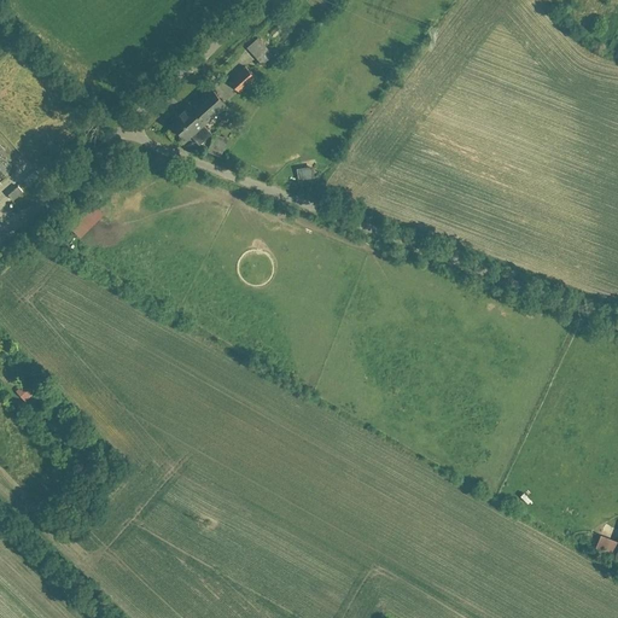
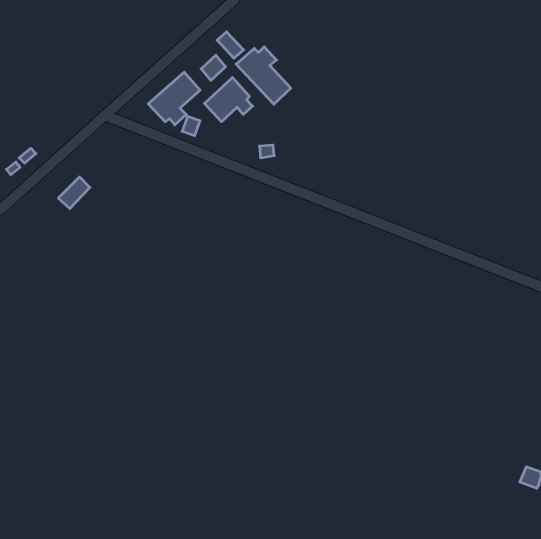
building: none -> [236,47,291,104]
building: none -> [204,77,253,122]

